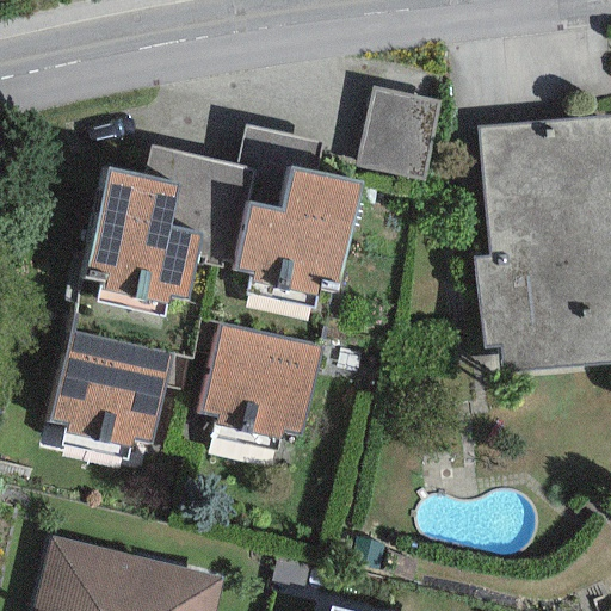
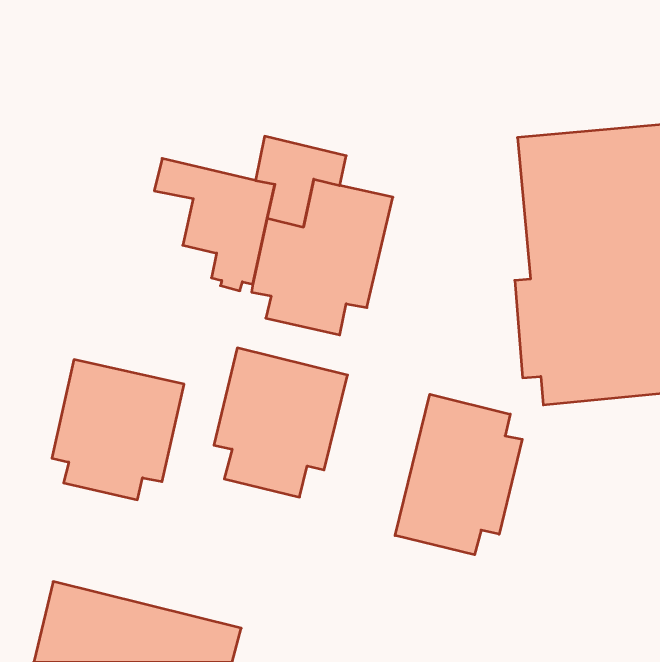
building: [356,86,442,181] -> none
building: [85,167,202,317] -> none
building: none -> [395,394,522,555]

